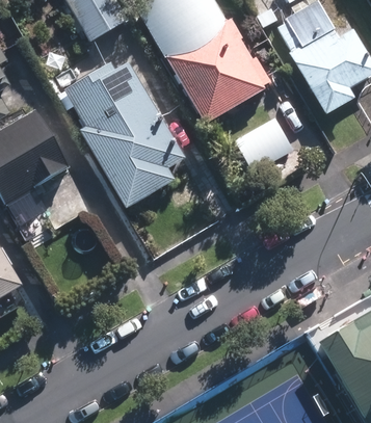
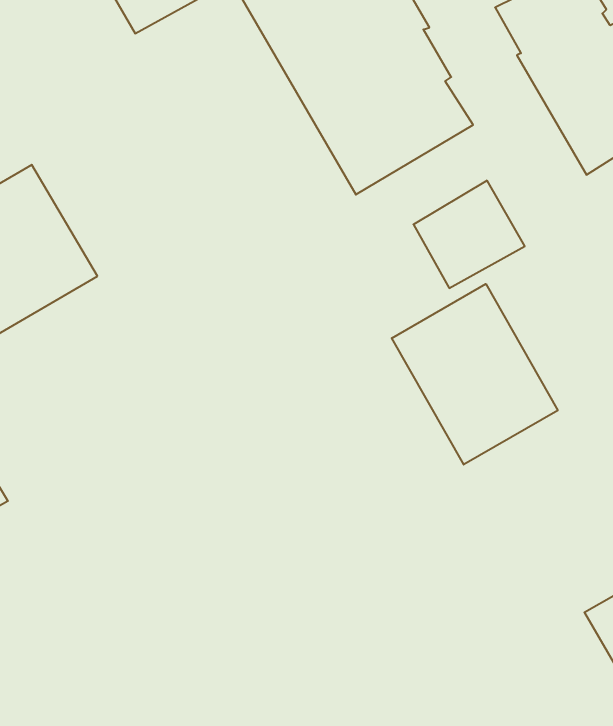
building: [63,61,183,208] -> none
building: none -> [392,284,558,465]

